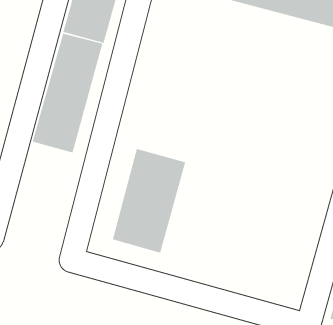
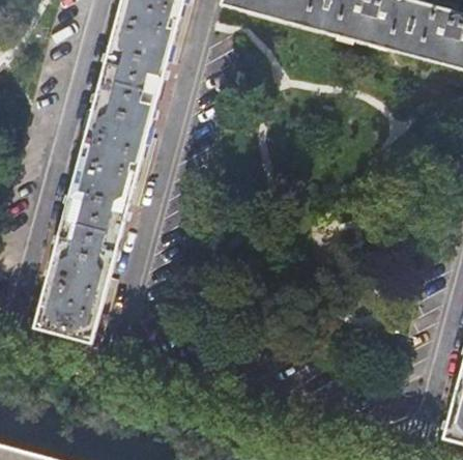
building: none -> [36,212,121,342]
building: [112,148,186,253] -> none

